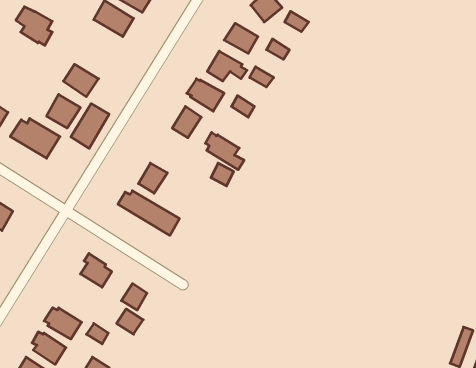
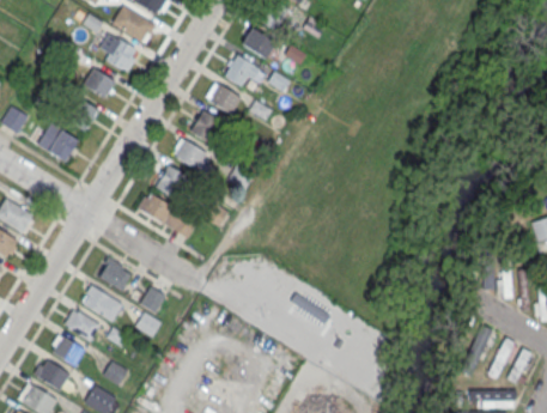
building: [16,7,52,45] -> [99,34,135,72]
building: [71,104,109,148] -> none
building: [205,132,244,170] -> [174,138,212,175]
building: none -> [84,285,122,321]

